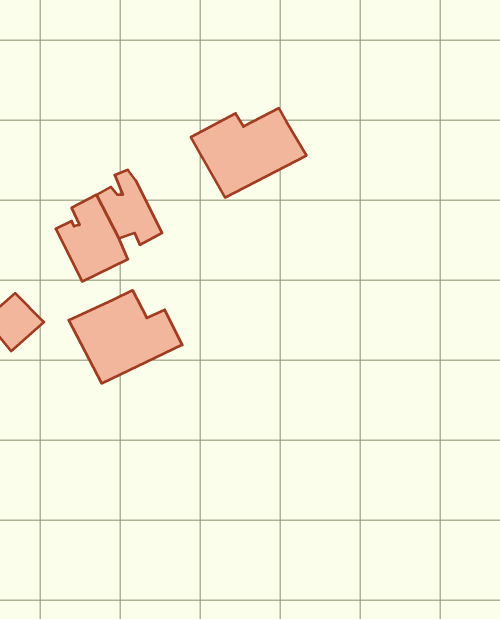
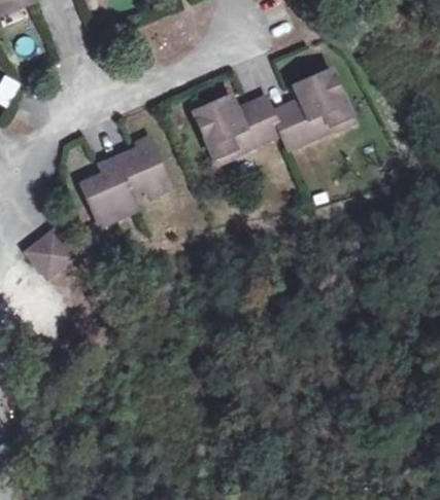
building: none -> [267,55,353,143]
building: [69,290,182,383] -> none

